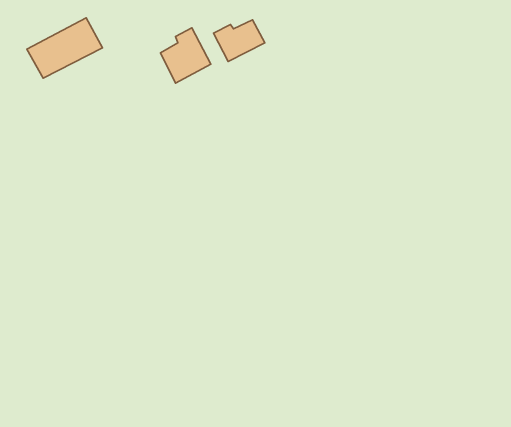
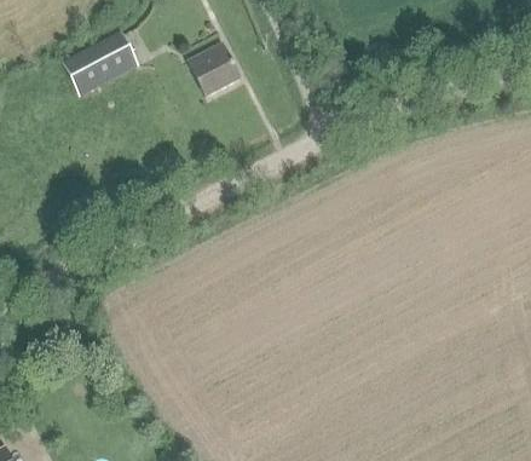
building: [214,20,265,61] -> none

